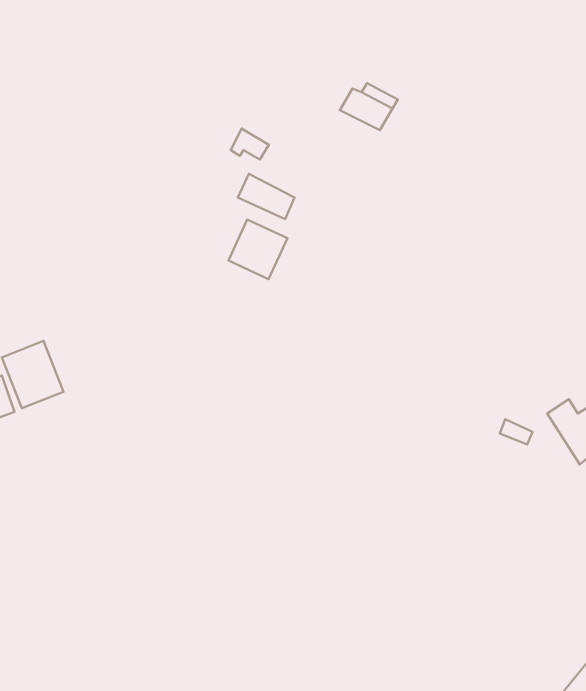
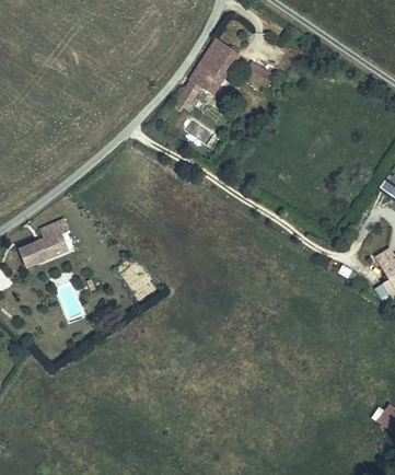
building: none -> [189,40,239,94]
building: [228,220,287,279] -> none

